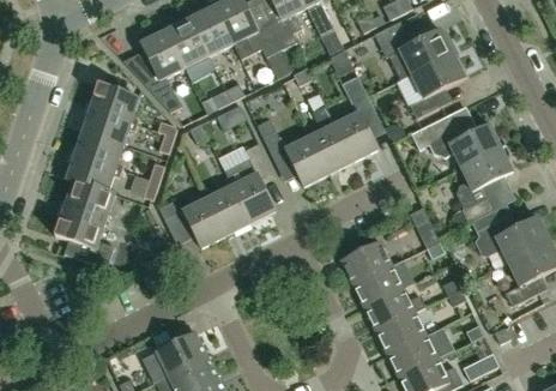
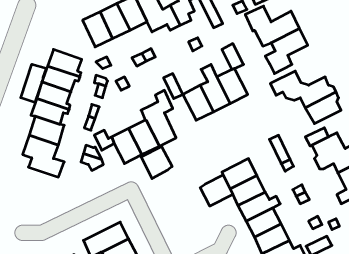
building: none -> [21,64,46,103]
building: none -> [141,146,172,179]
building: none -> [200,175,233,206]

